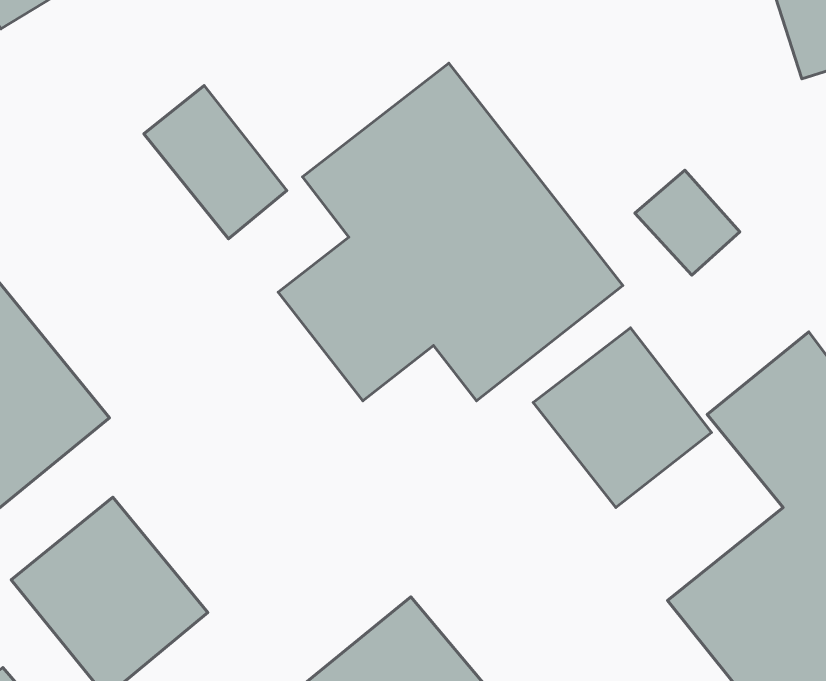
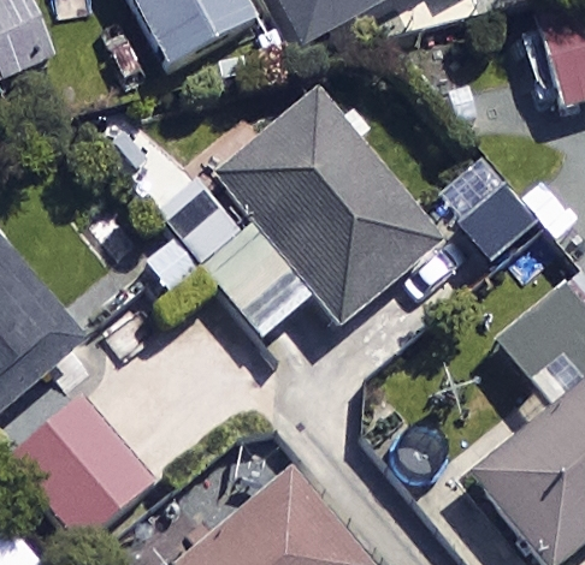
building: [533,328,712,507] -> none

